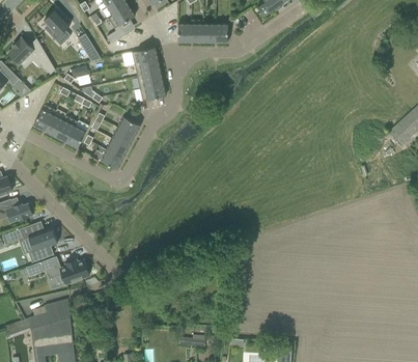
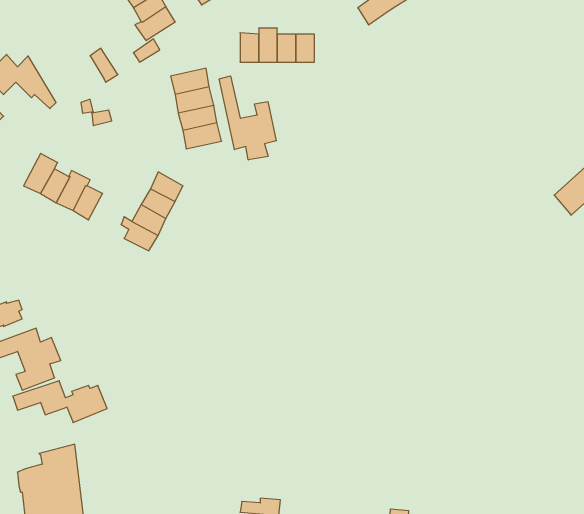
building: [44,9,71,45] -> none
building: none -> [219,76,276,160]

